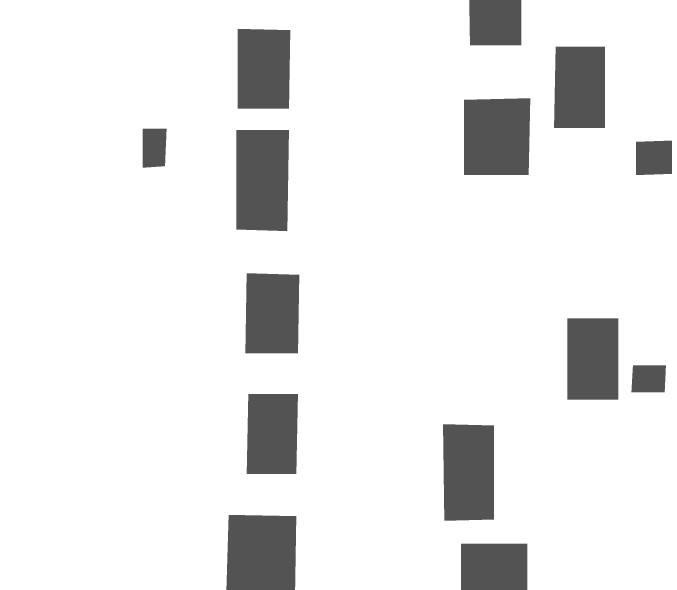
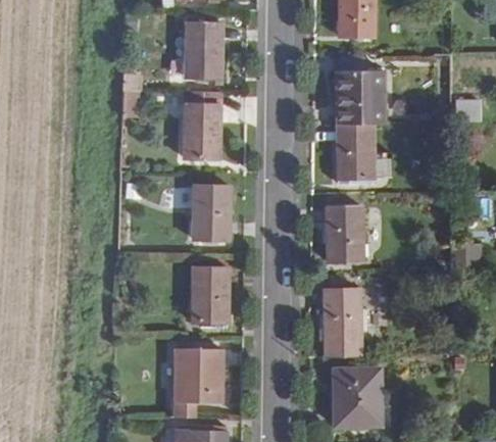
building: [553,46,606,129] -> [337,121,373,178]
building: [566,317,619,400] -> [325,203,360,259]

